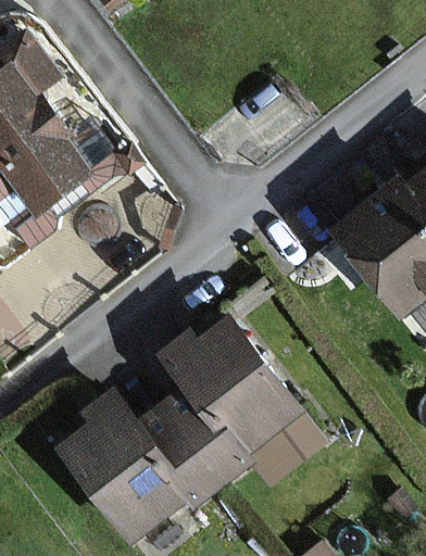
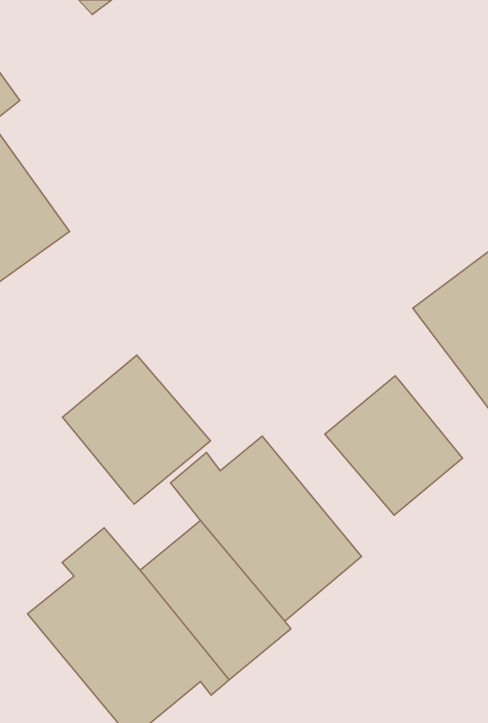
building: none -> [63,355,211,504]
building: none -> [325,376,463,515]

